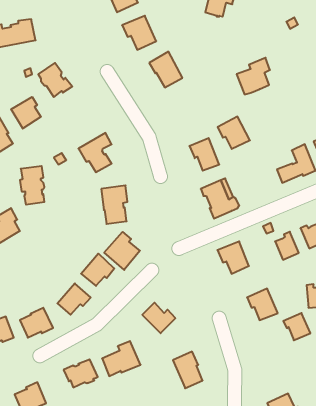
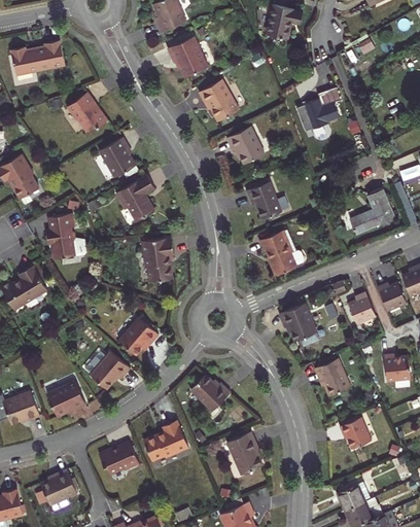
building: [11,97,41,129] -> none
building: none -> [99,137,136,178]
building: [218,117,250,149] -> [226,127,265,165]
building: [104,232,140,270] -> none
building: [283,313,310,340] -> [339,417,371,449]

